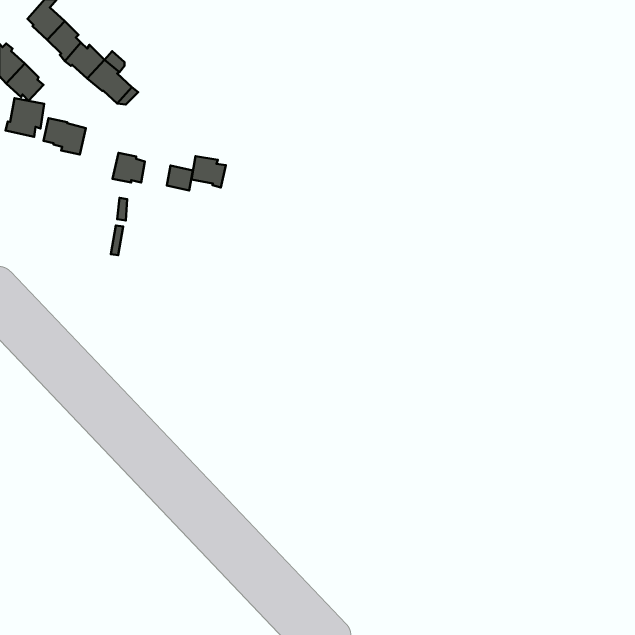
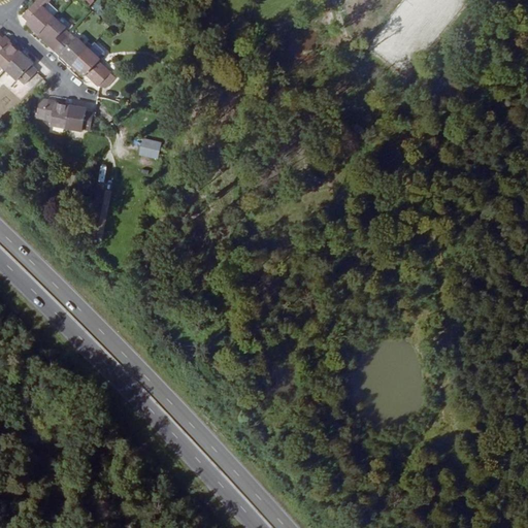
building: [6,98,44,137] -> none
building: [112,153,145,183] -> [66,106,93,131]
building: [191,156,226,187] -> none

